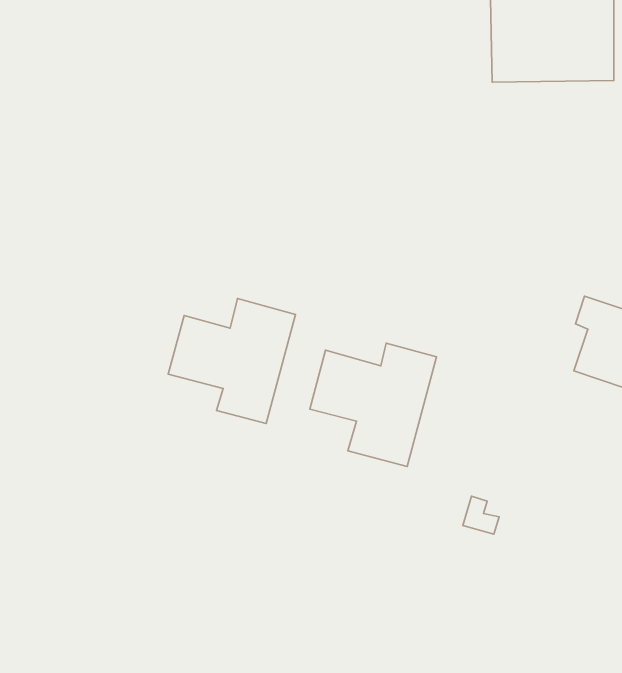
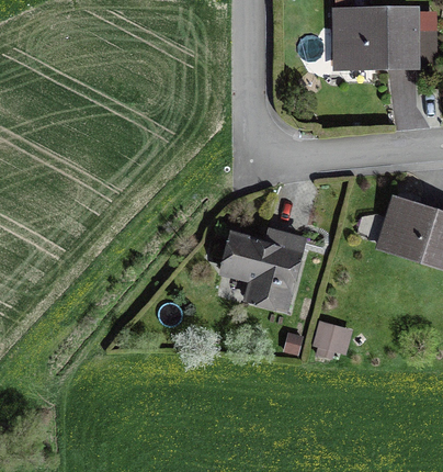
building: [168,299,295,424] -> none

